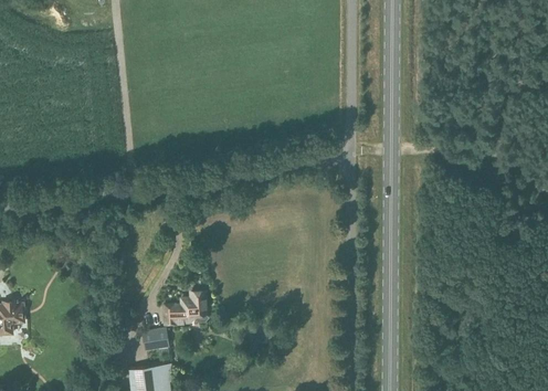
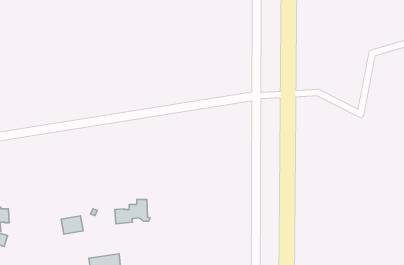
building: [141,327,170,351] -> [61,216,83,234]

